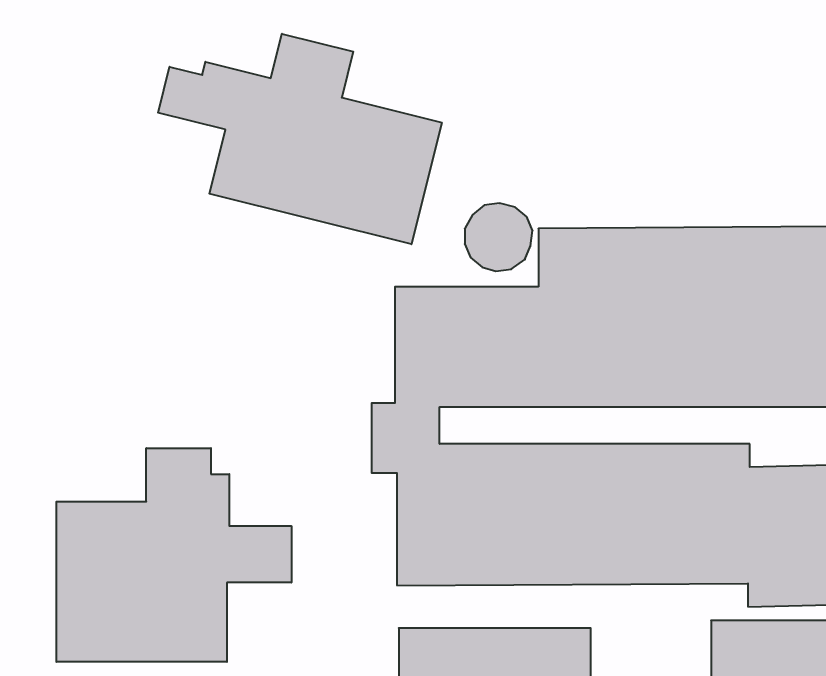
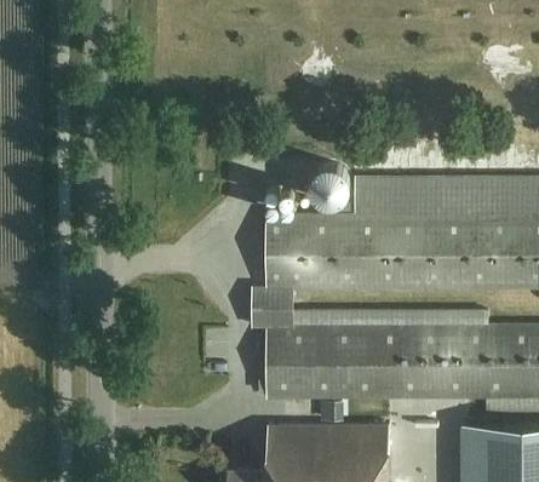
building: [158,34,442,244] -> none
building: [56,448,291,662] -> none

